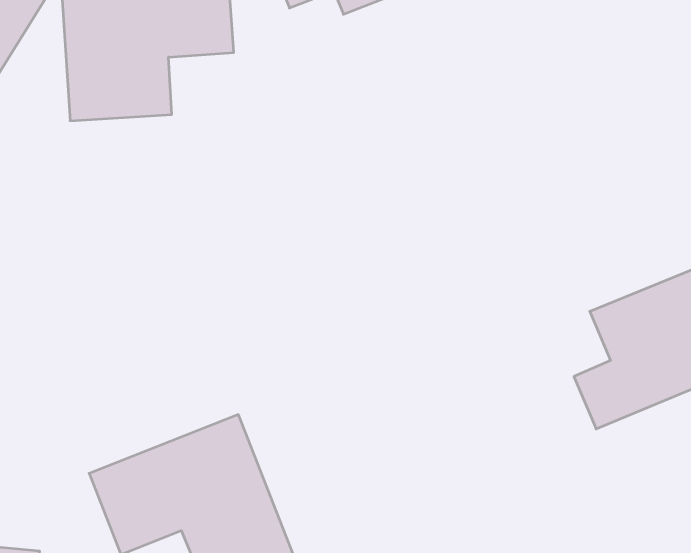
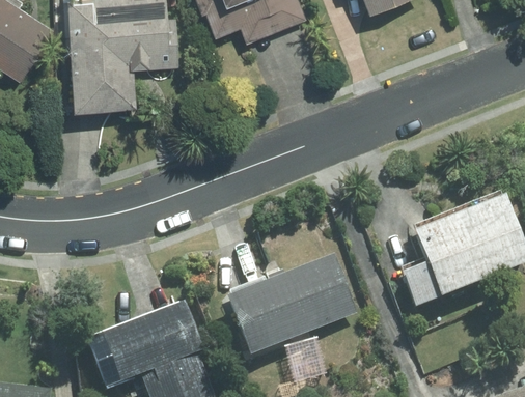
building: none -> [222,254,358,359]

